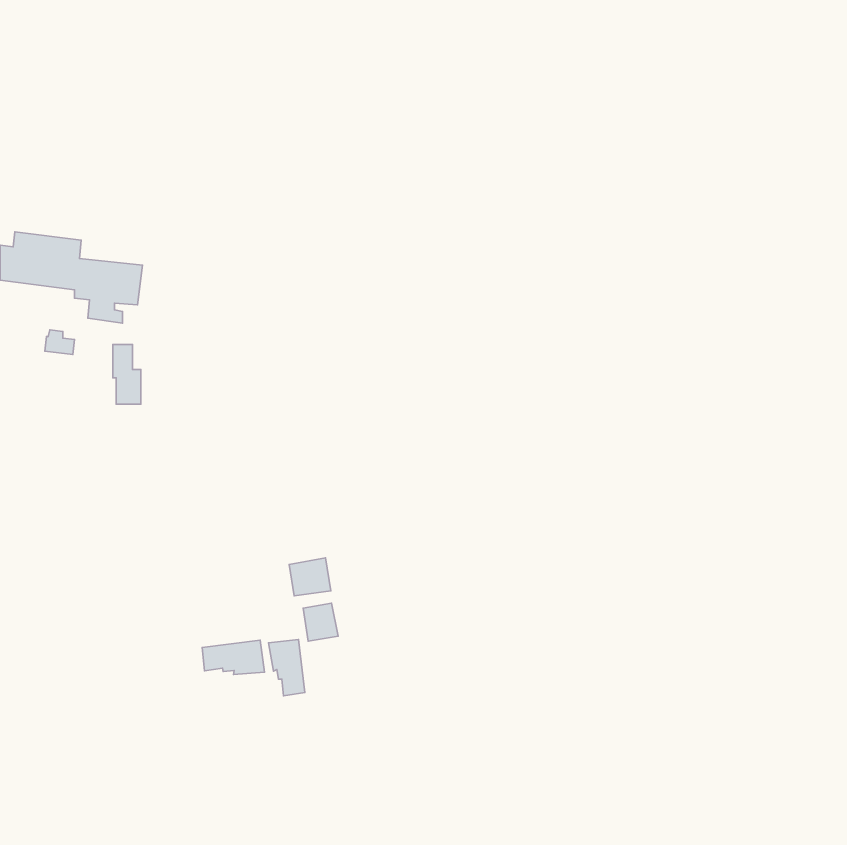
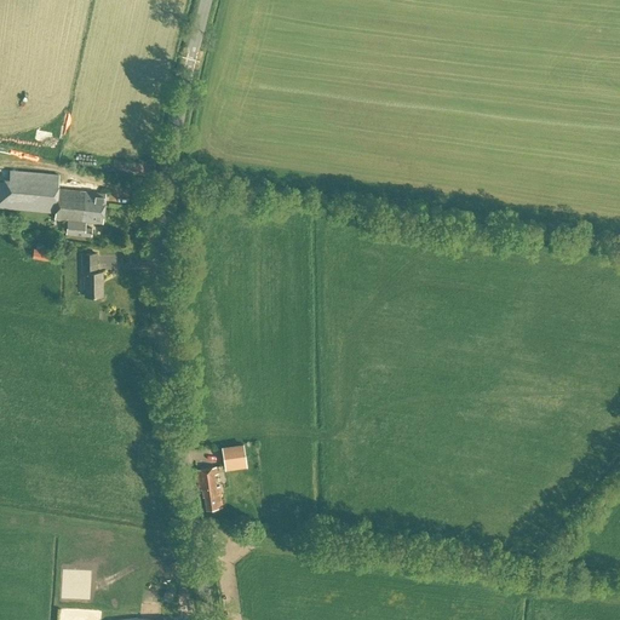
building: [289,558,331,596] -> none
building: [202,640,265,674] -> none

